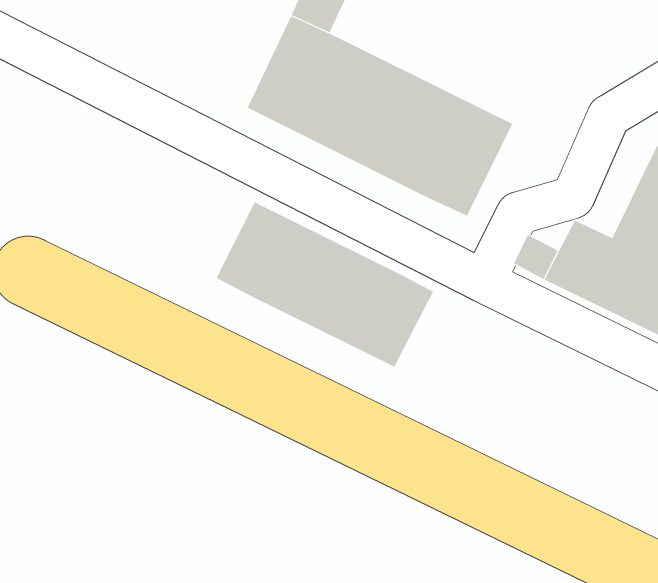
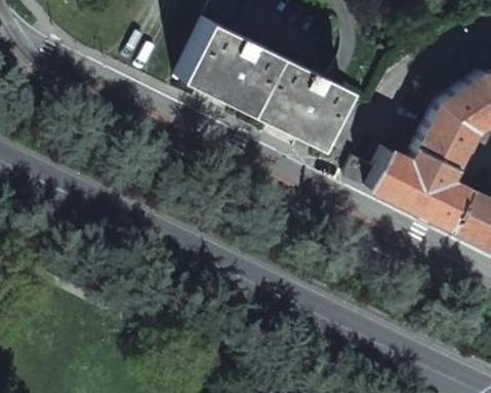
building: [216,201,434,367] -> none

